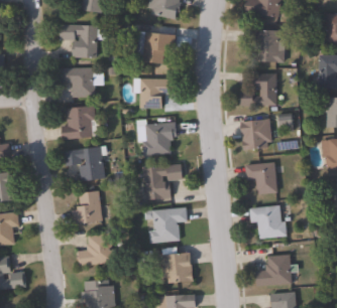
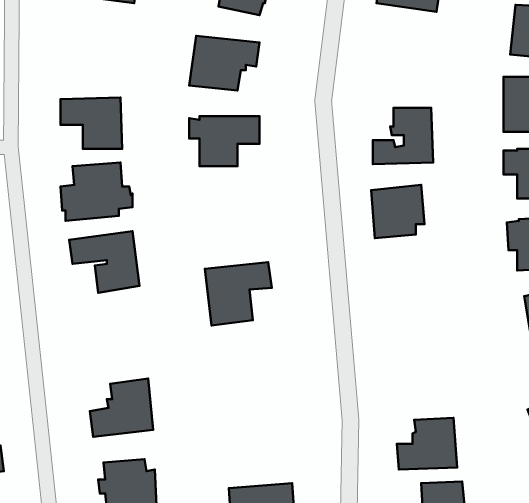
building: [59,24,105,58] -> none
building: [245,29,286,62] -> none
building: [136,119,177,156] -> none
building: [244,162,277,195] -> none
building: [71,191,102,225] -> none
building: [249,205,286,239] -> none
building: [144,207,187,244] -> none
building: [160,247,196,284] -> none

